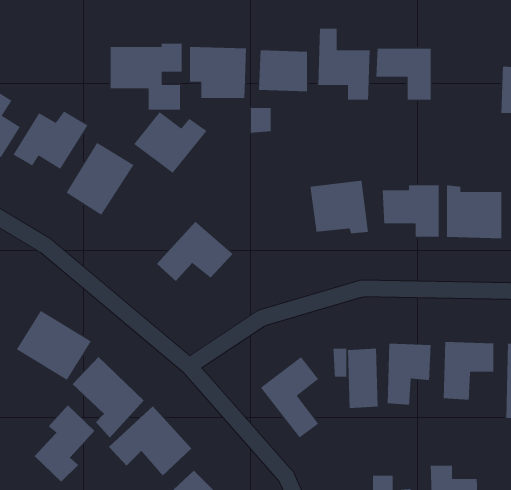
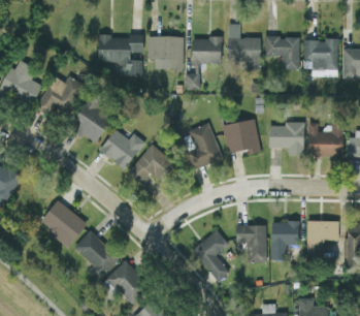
building: none -> [303,39,338,76]
building: [133,111,207,174] -> [99,129,145,168]
building: none -> [184,122,222,168]
building: [34,405,95,483] -> none

